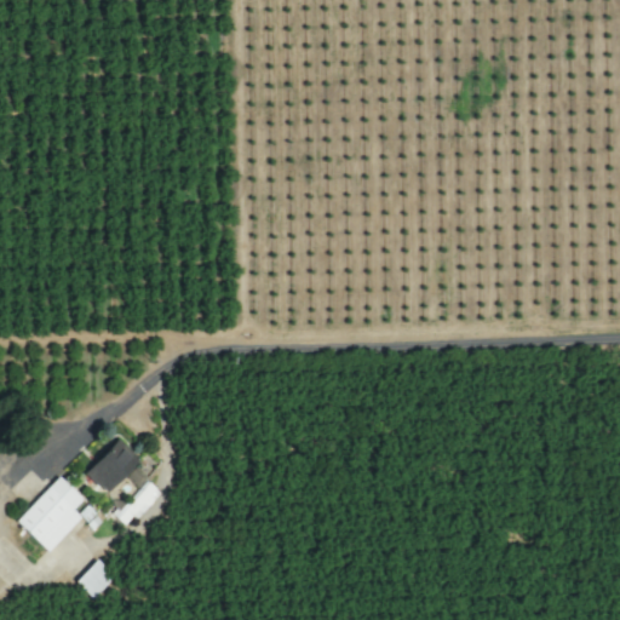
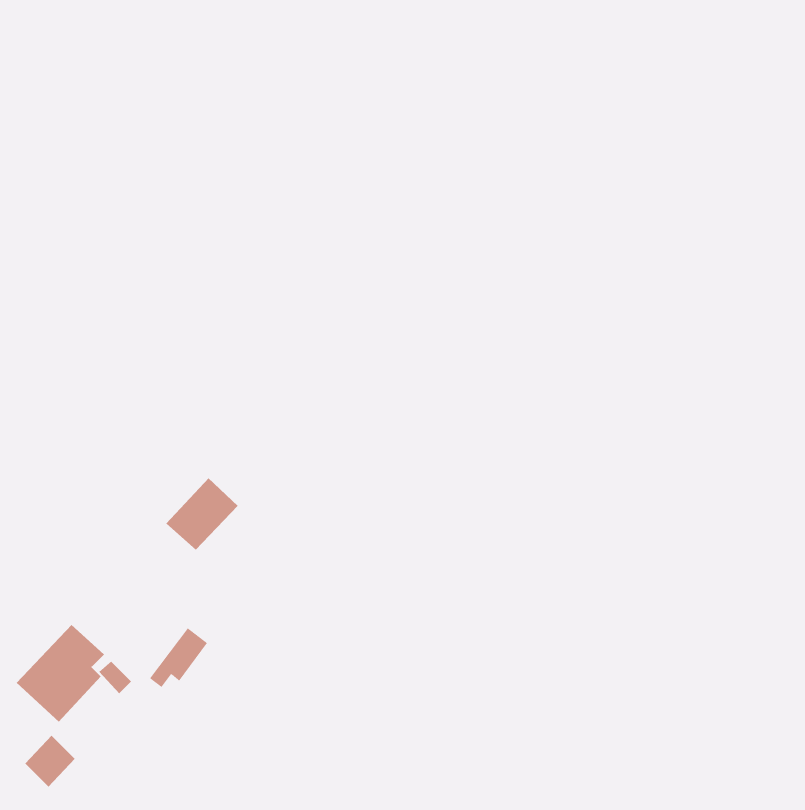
building: [86,438,142,494] -> [166,477,239,550]
building: [78,561,116,601] -> [25,735,75,787]

